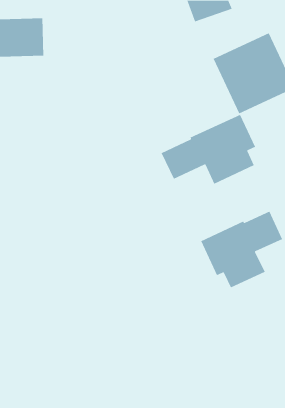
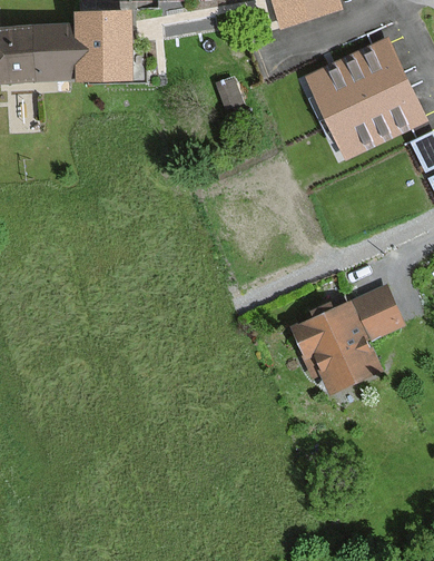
building: none -> [78,9,132,77]
building: [161,114,256,185] -> none

